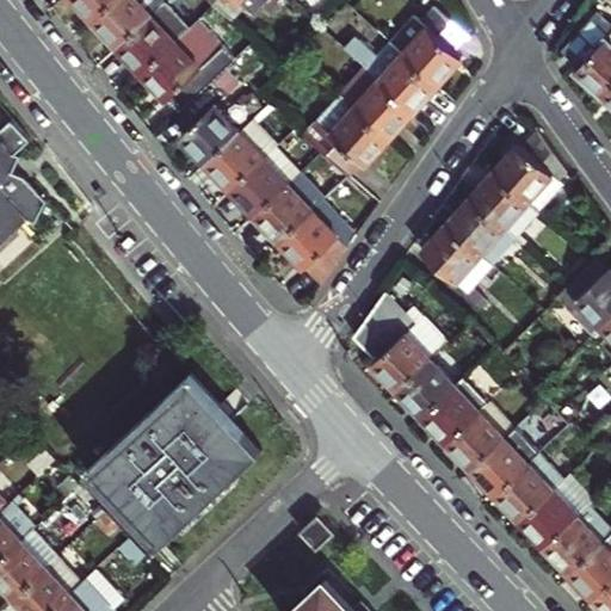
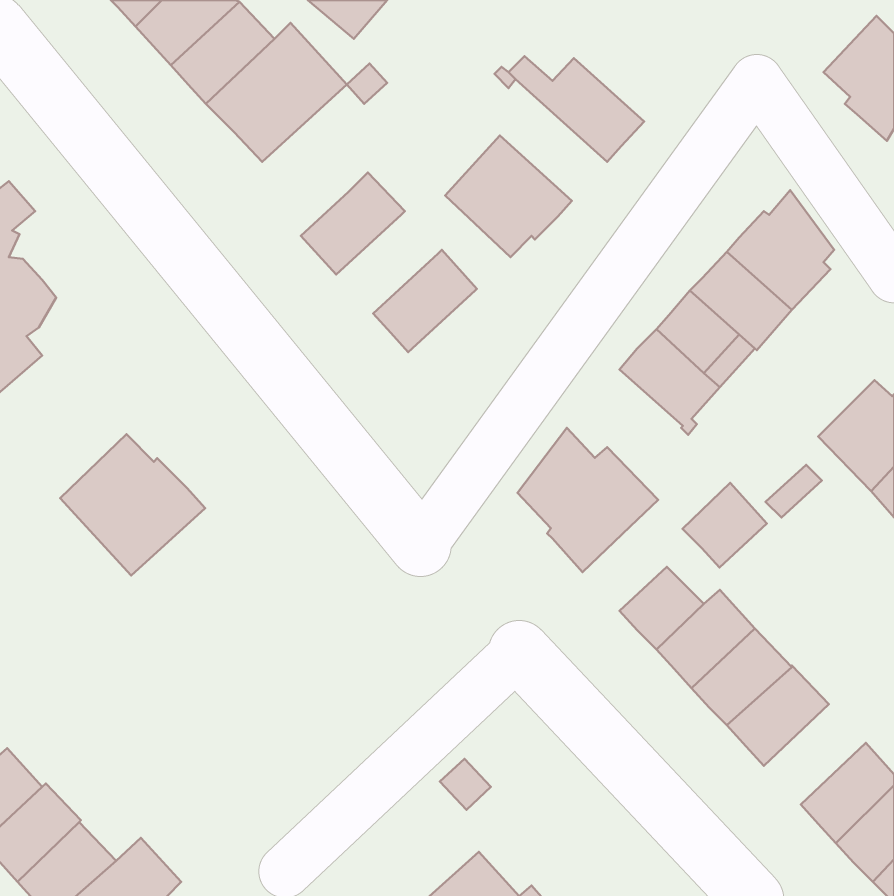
building: [389,8,465,85] -> none
building: [338,67,412,138] -> none
building: [179,105,236,162] -> none
building: [228,148,297,215] -> none
building: [277,199,356,285] -> none
building: none -> [60,434,205,575]
building: [395,359,452,416] -> [683,483,767,567]
building: [88,375,263,548] -> none
building: [518,471,595,548] -> none

